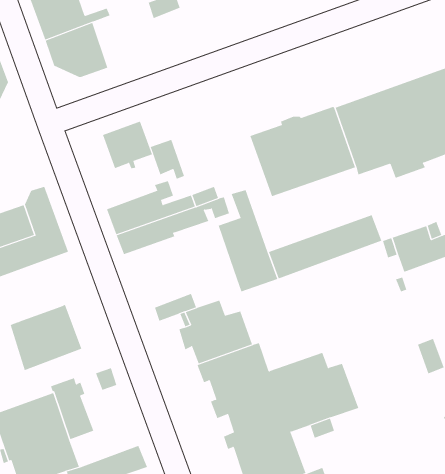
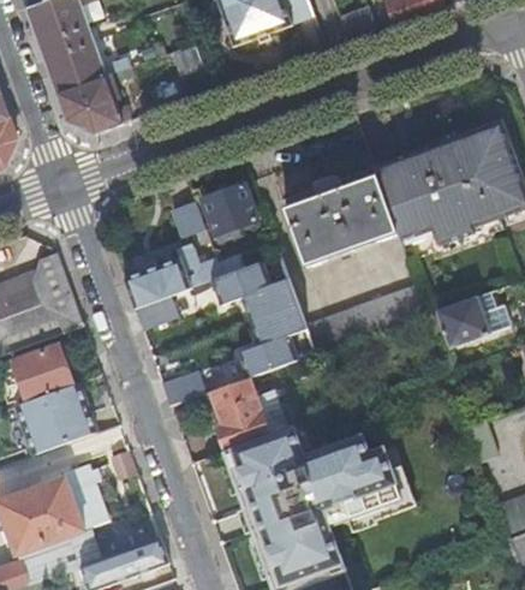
building: [102,121,153,169] -> [201,181,256,234]
building: none -> [12,344,72,400]
building: none -> [214,344,270,385]

